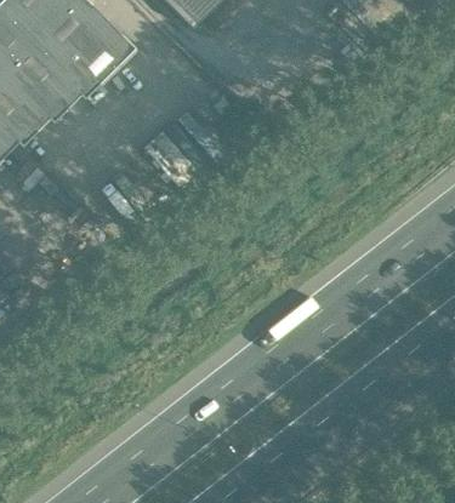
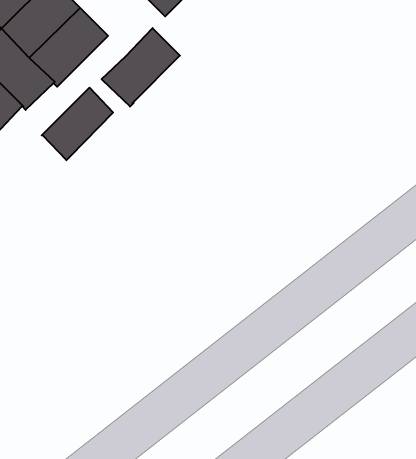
building: none -> [102,28,180,107]
building: none -> [42,88,113,160]

